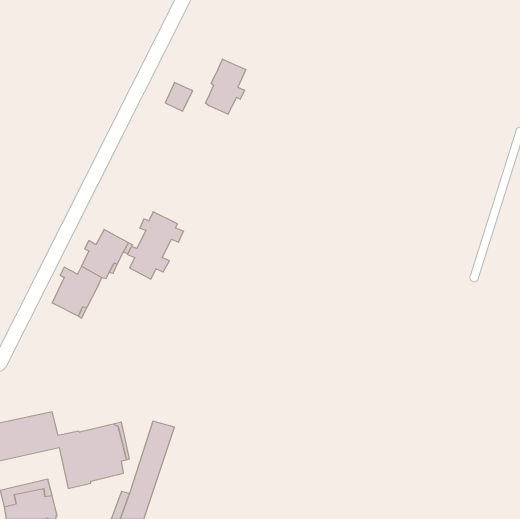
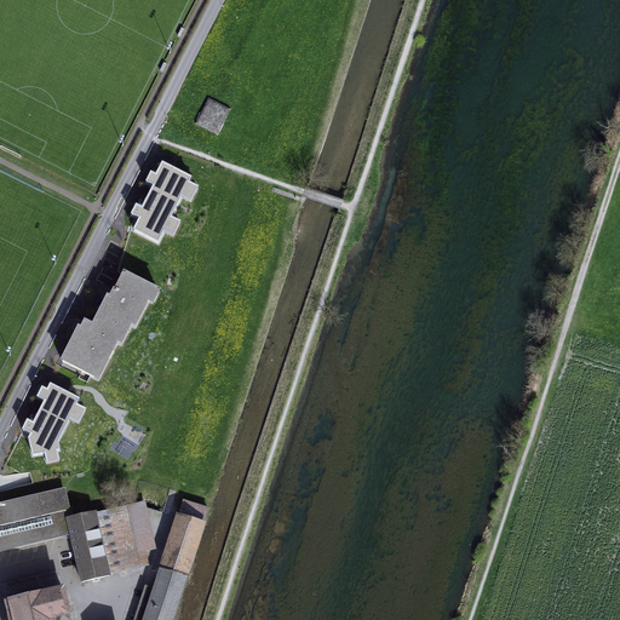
building: [206,59,246,114] -> none
building: [128,212,184,279] -> [130,162,196,242]
building: none -> [21,383,85,463]

